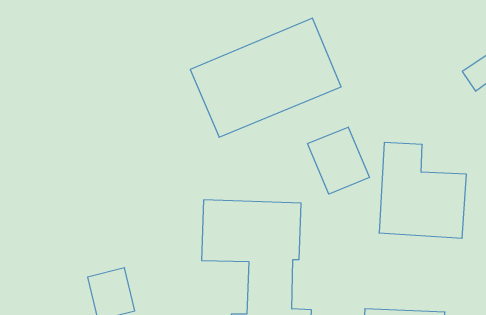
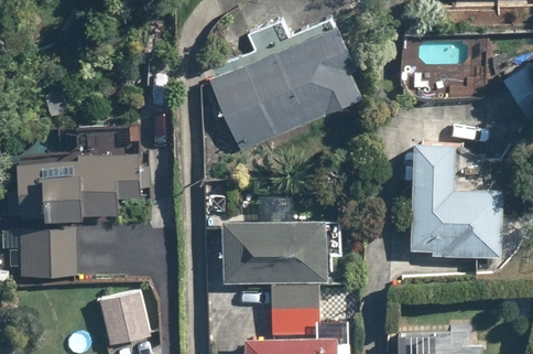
building: none -> [17,130,142,276]
building: [307,127,369,194] -> none

